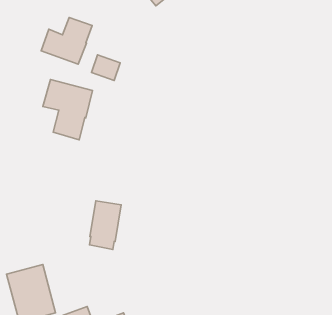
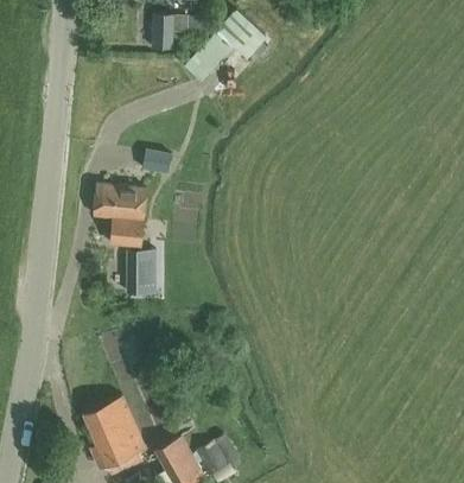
building: [41,17,92,64] -> none
building: [90,201,121,250] -> [127,250,157,303]

